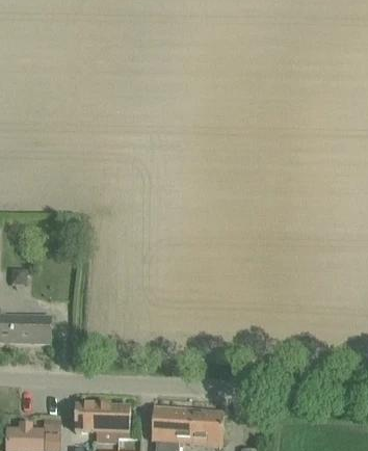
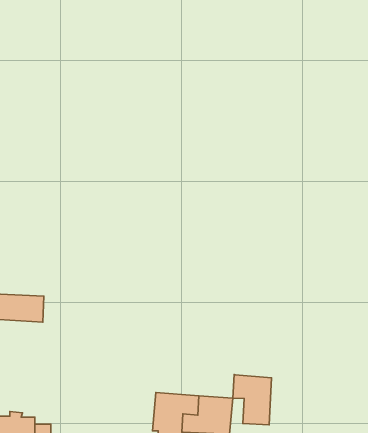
building: none -> [233,375,271,425]
building: [75,404,130,434] -> none

